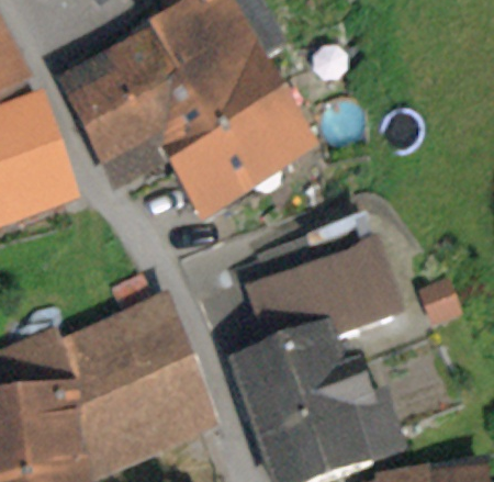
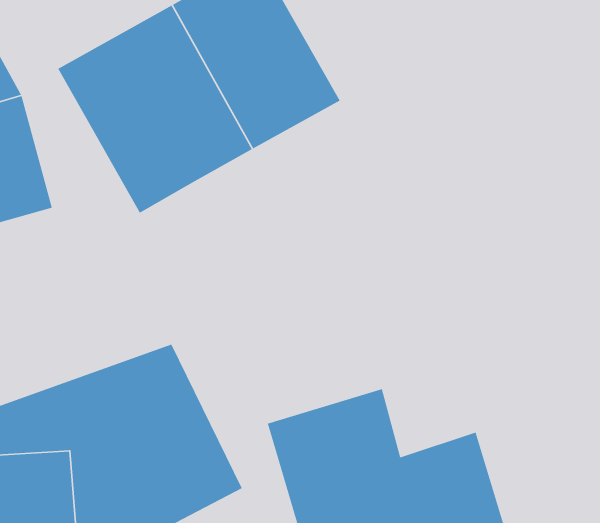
building: [171,104,317,221] -> none
building: [246,216,423,341] -> none

